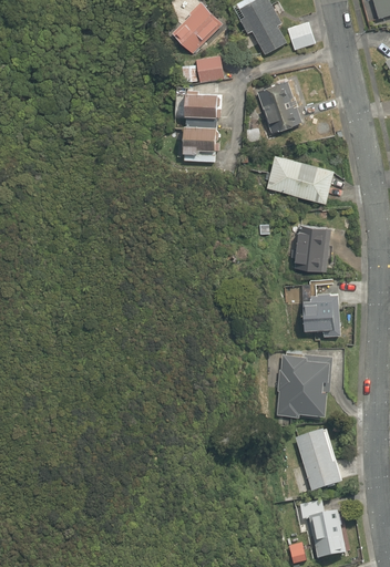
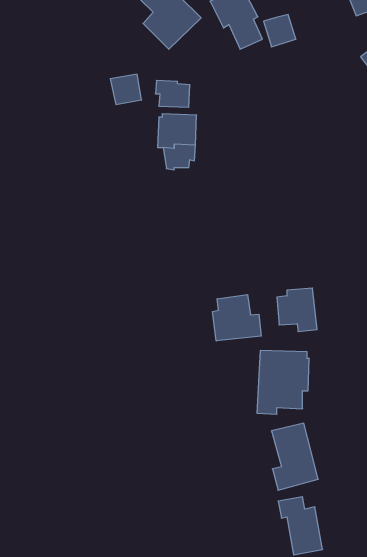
building: [193,53,224,83] -> [110,74,142,104]
building: [257,76,300,131] -> none
building: [263,152,332,202] -> none
building: [292,223,329,271] -> none
building: none -> [212,295,261,341]

